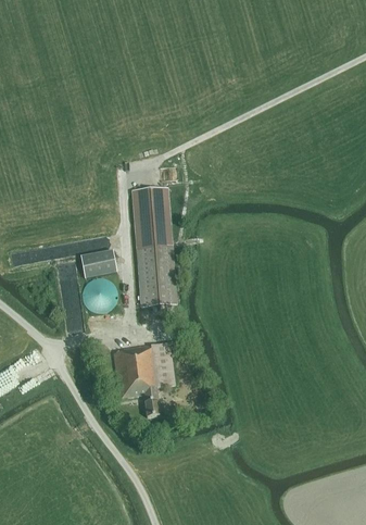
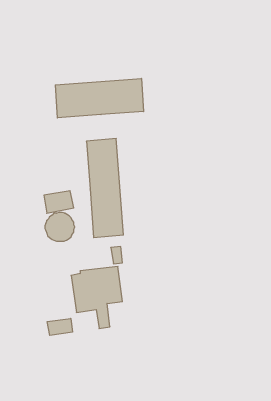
building: none -> [55,78,144,118]
building: none -> [47,318,72,335]

